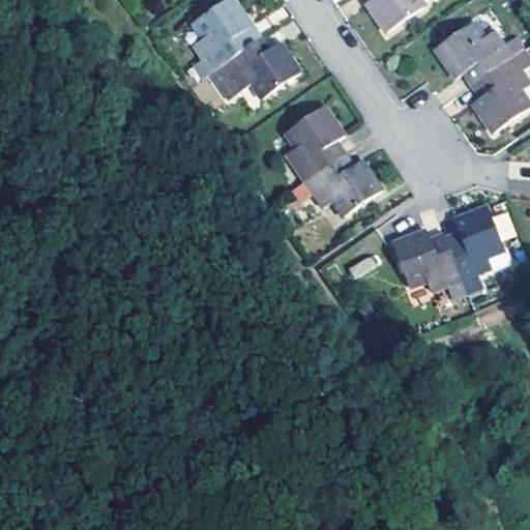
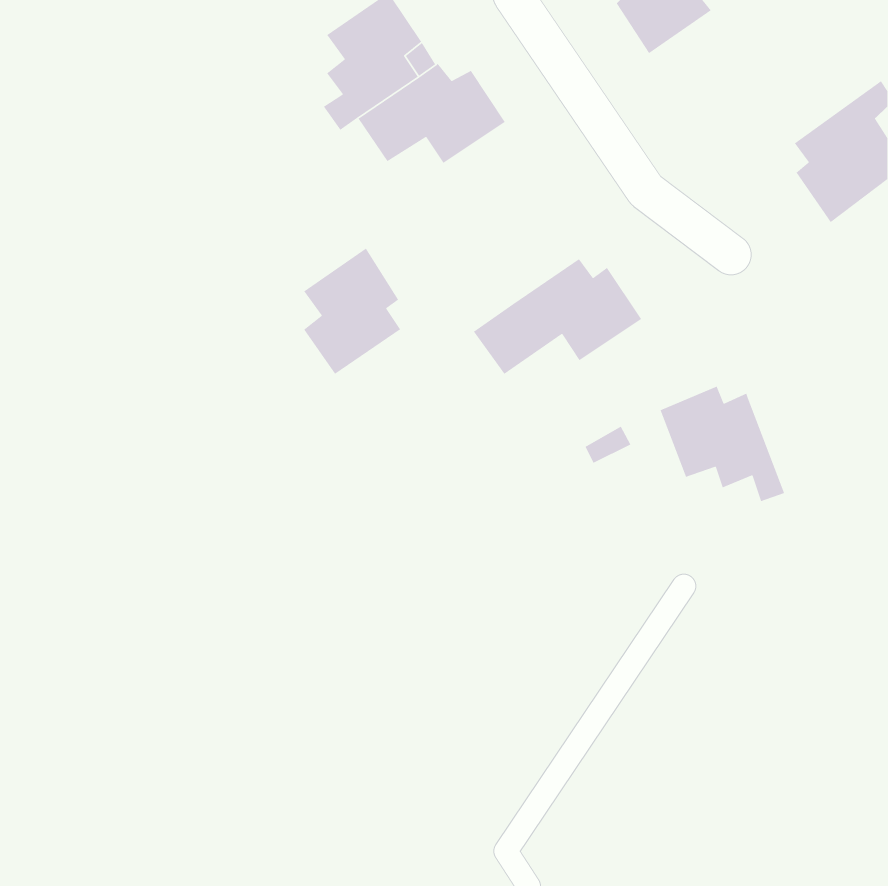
building: [434,23,523,85] -> none
building: [286,105,344,180] -> [303,248,401,375]
building: [444,206,506,293] -> none

